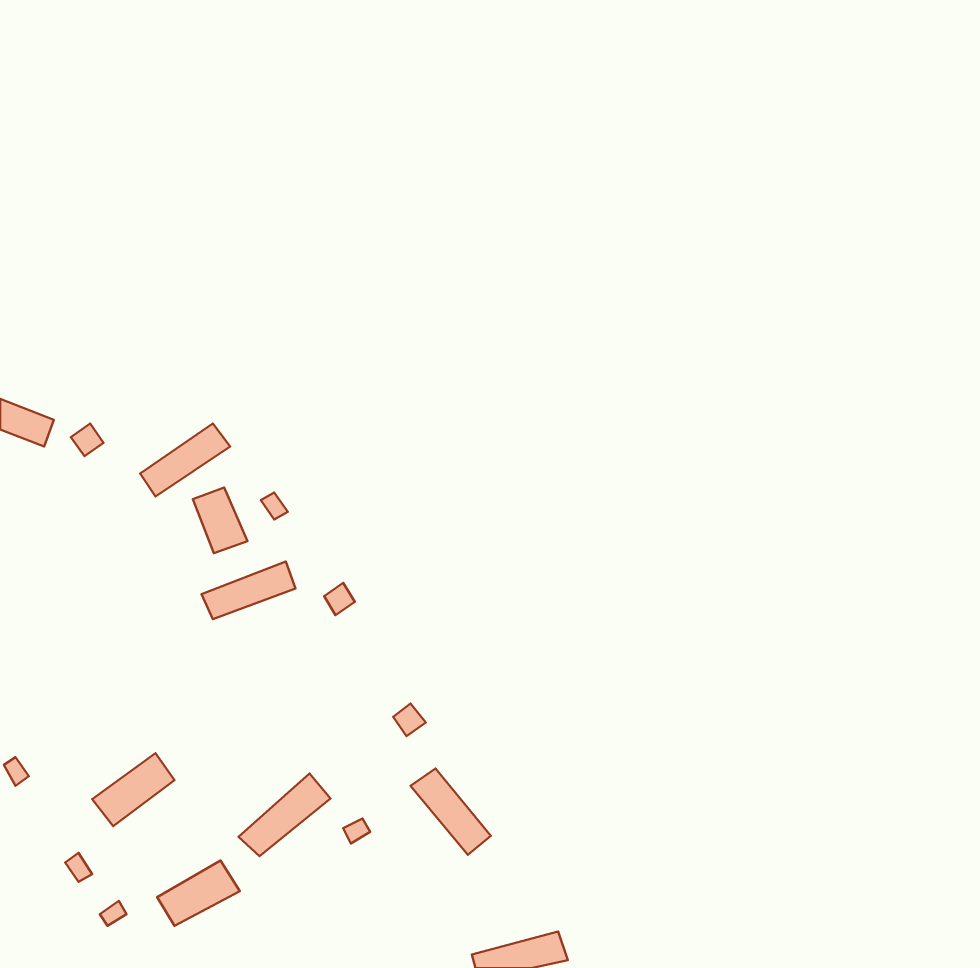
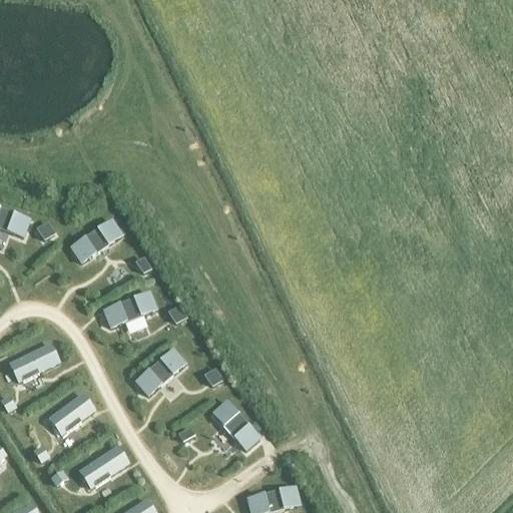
building: [193,488,247,553] -> none
building: none -> [11,346,53,377]
building: [238,774,331,856] -> [137,350,185,393]

